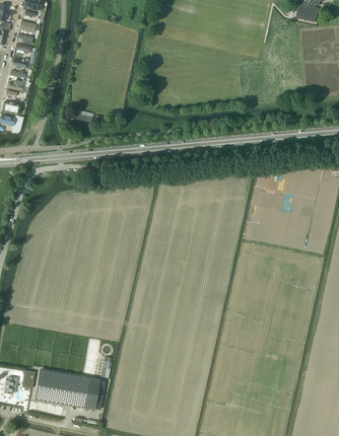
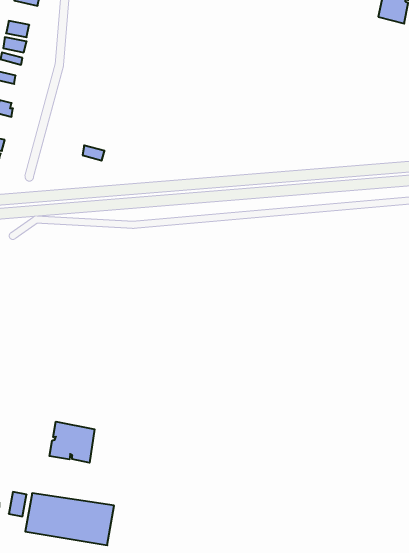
building: none -> [49,422,95,463]

